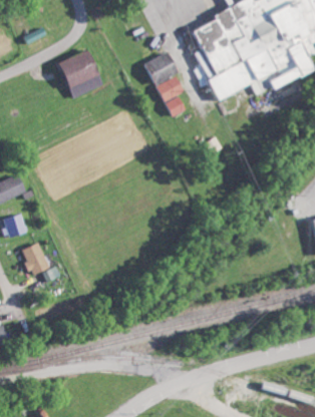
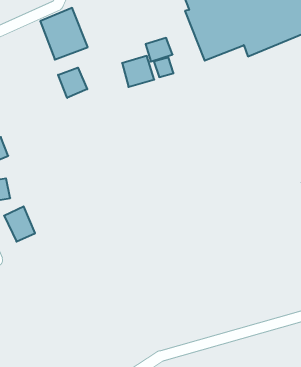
building: [144,53,176,83] -> [122,56,154,87]
building: none -> [58,68,87,98]

